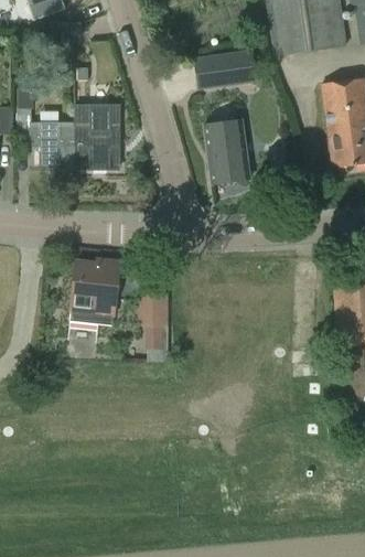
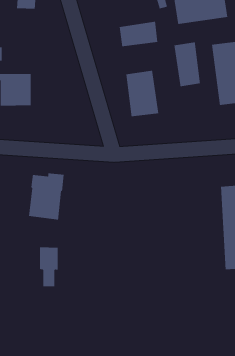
building: none -> [174,41,201,87]
building: [75,109,119,167] -> none
building: [140,292,167,347] -> [39,247,59,287]

